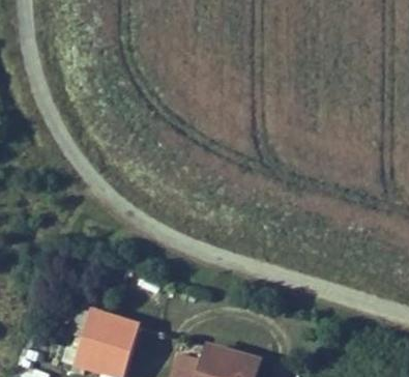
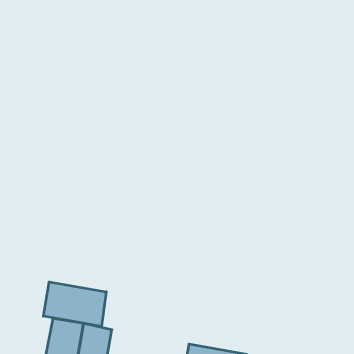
building: none -> [43,282,106,327]

